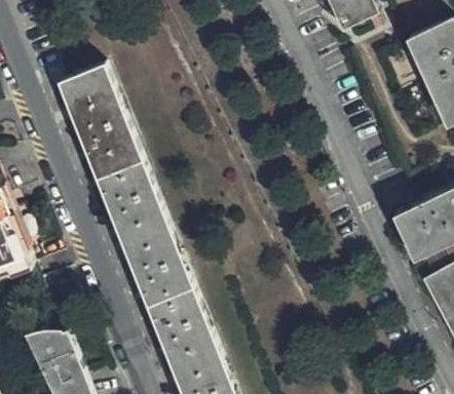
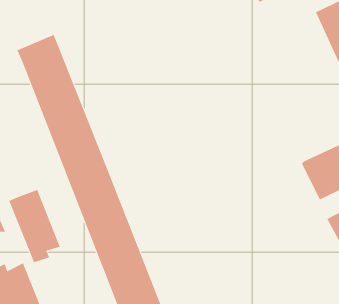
building: none -> [8,189,61,263]

